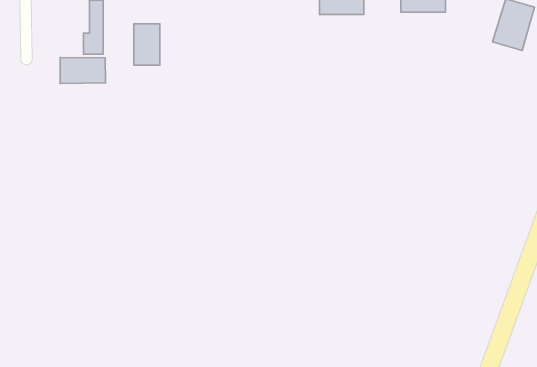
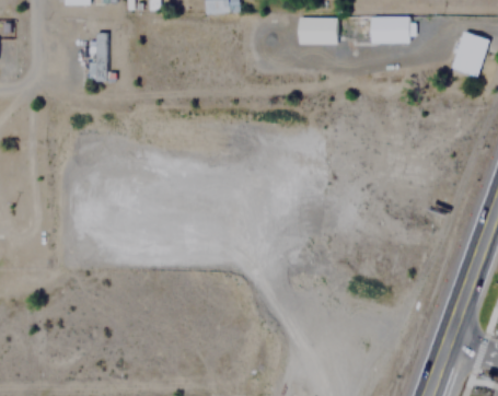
building: [134,24,160,65] -> none
building: [60,58,105,84] -> none

